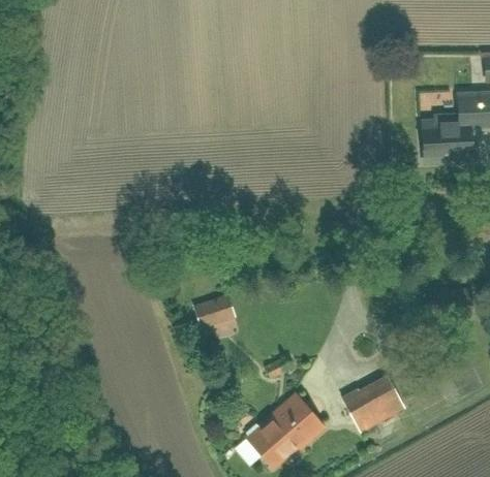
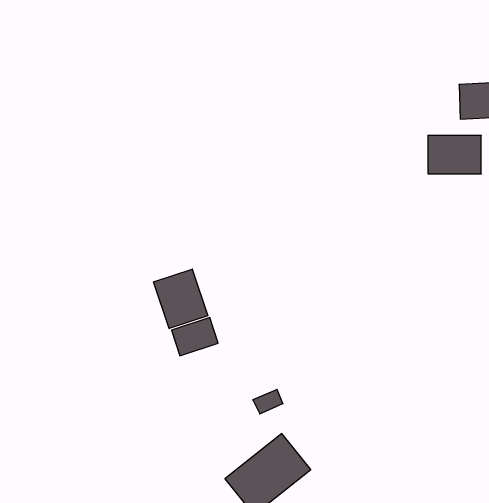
building: none -> [154,269,208,329]
building: [344,376,406,430] -> none

